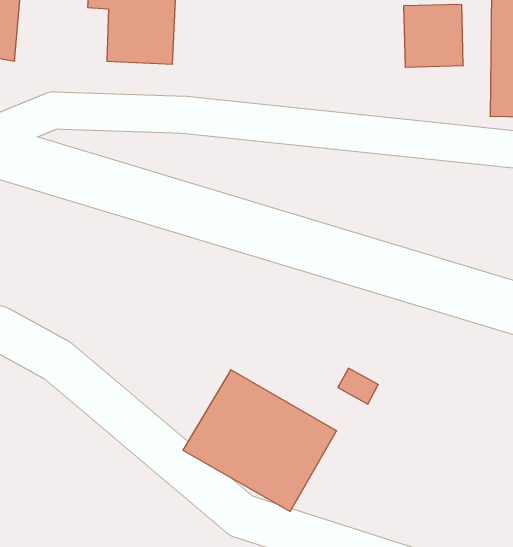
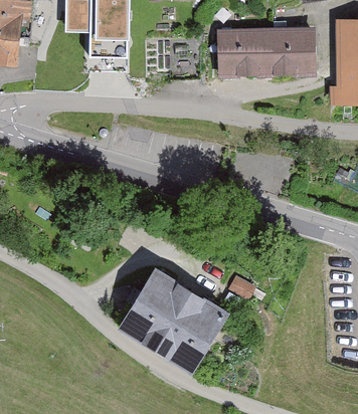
building: none -> [223,29,278,71]

